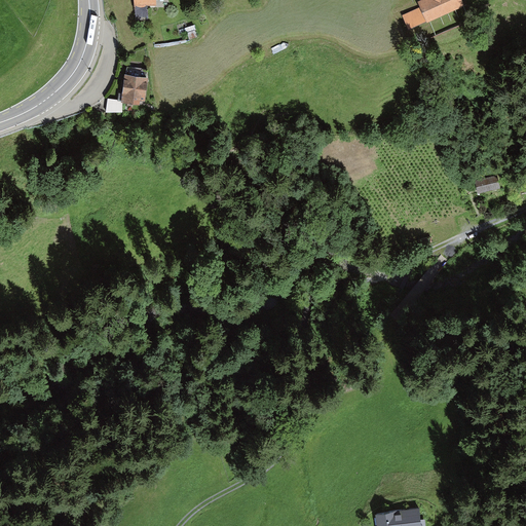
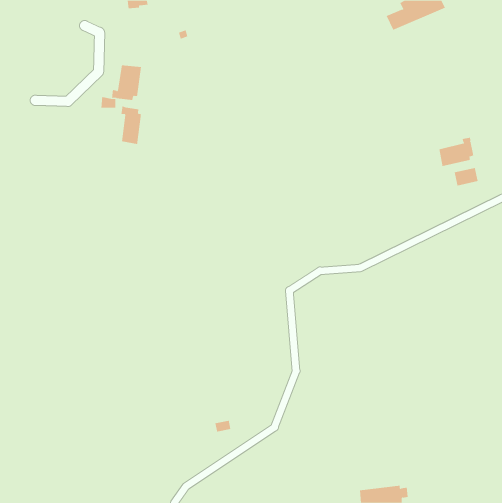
building: none -> [121,106,142,145]
building: none -> [439,137,474,167]

